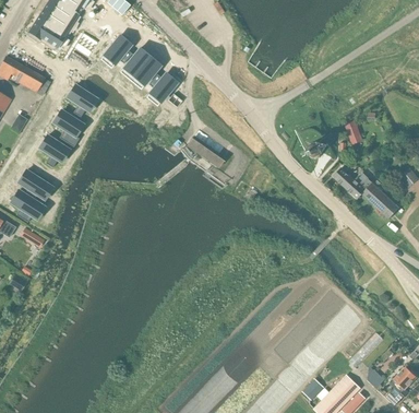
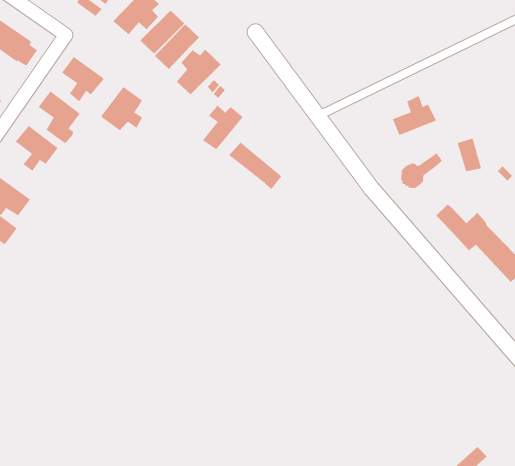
building: none -> [392,95,437,136]
building: none -> [100,86,143,131]
building: none -> [202,105,243,150]

